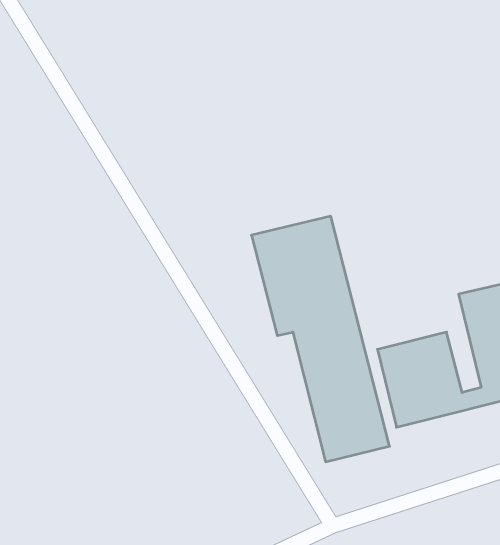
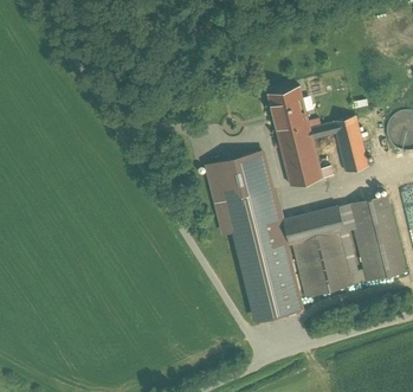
building: none -> [266,86,368,187]
building: none -> [283,207,343,245]

